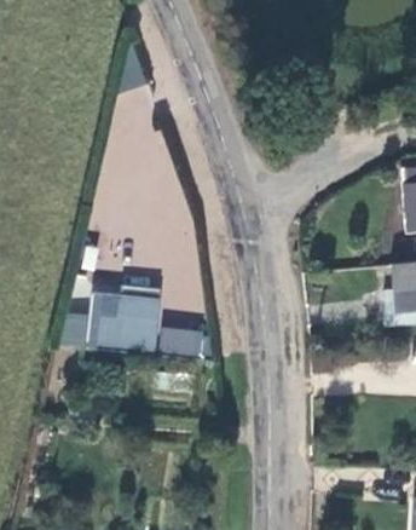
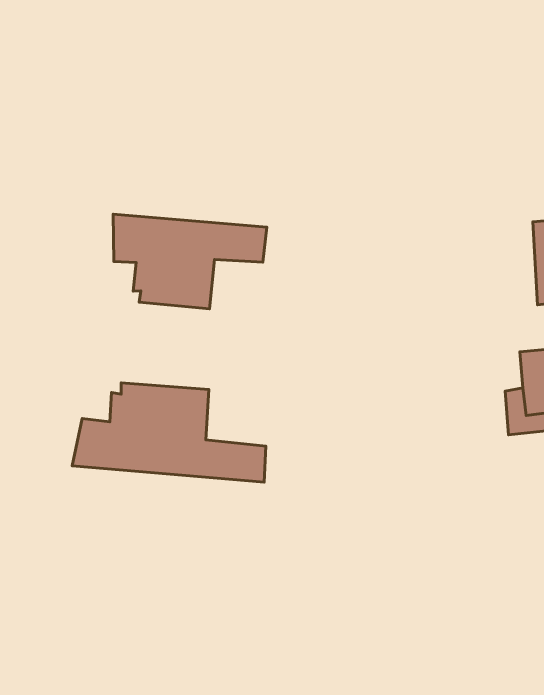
building: none -> [113,214,267,309]

